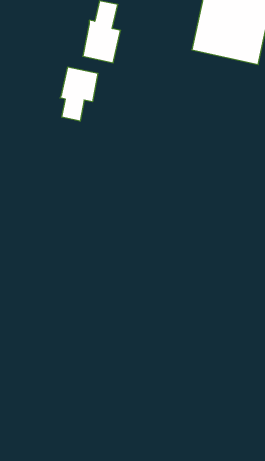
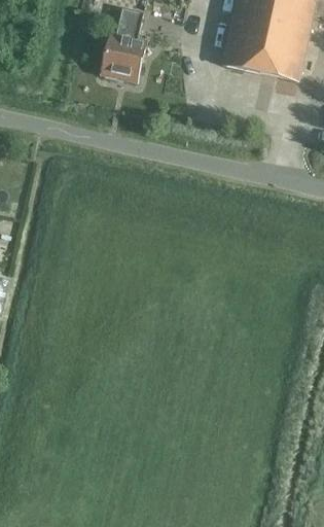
building: [60,67,98,121] -> none

